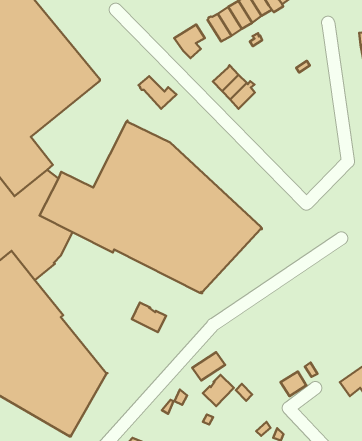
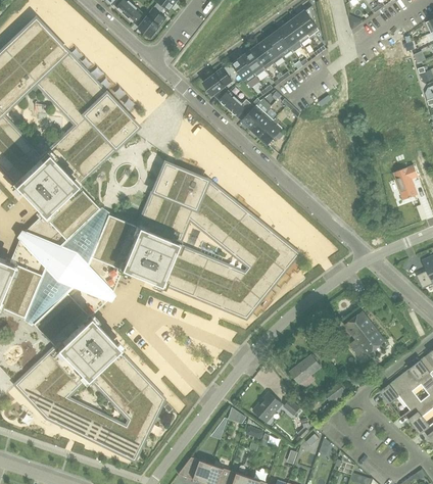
building: [139,76,176,109] -> [220,91,255,120]
building: none -> [345,311,385,355]
building: [132,302,166,332] -> none
building: [192,352,225,381] -> [290,355,321,383]

